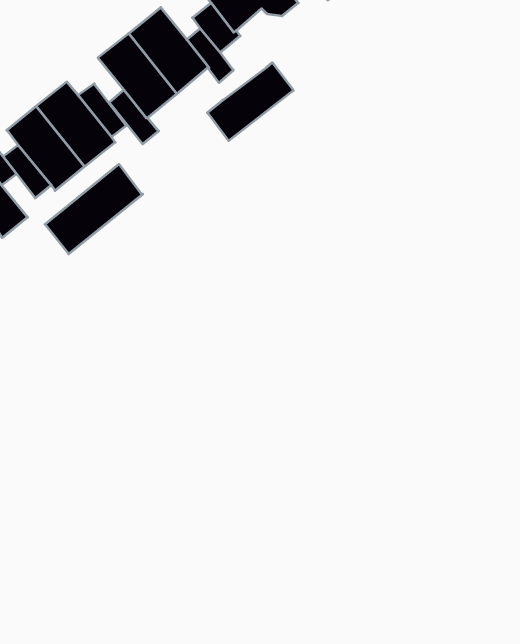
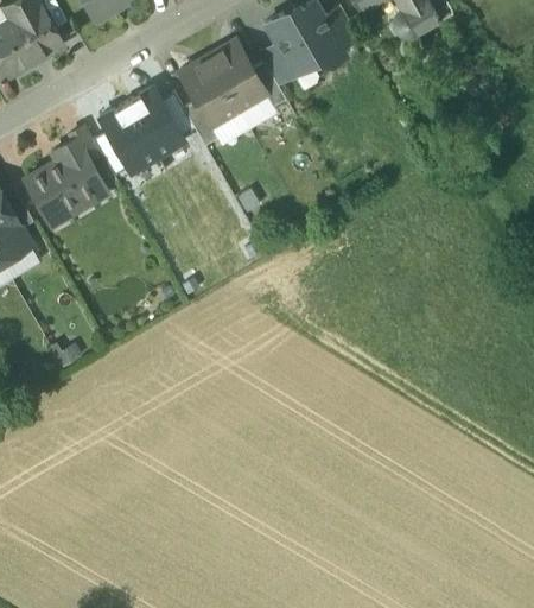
building: [207,63,293,141] -> none
building: [45,164,143,254] -> none

